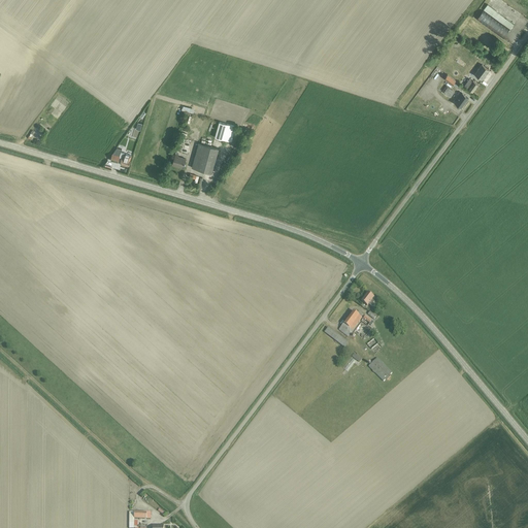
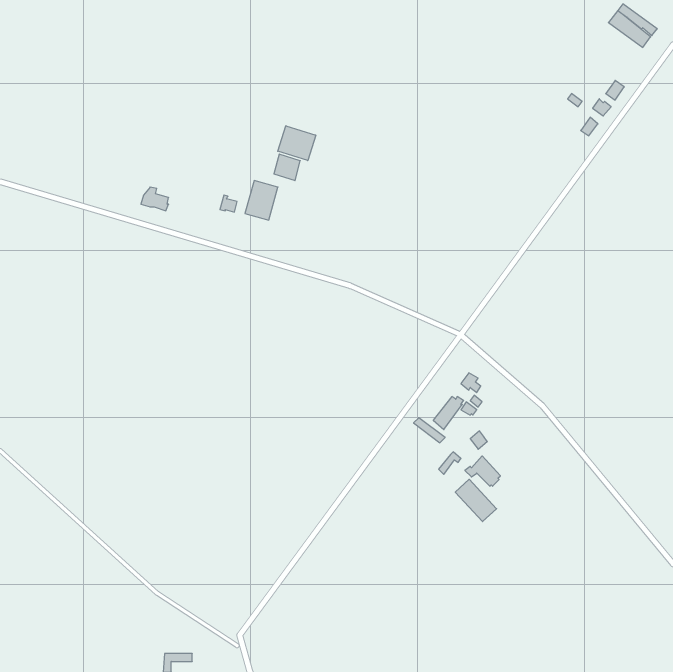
building: none -> [278,126,316,161]
building: none -> [455,479,497,522]

